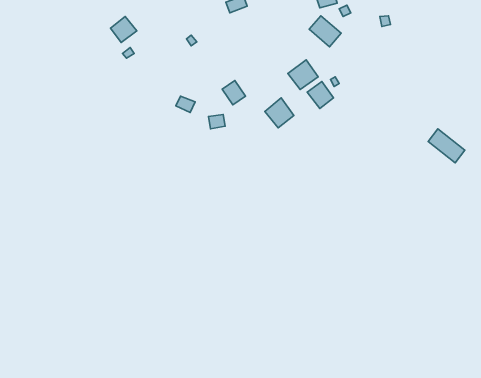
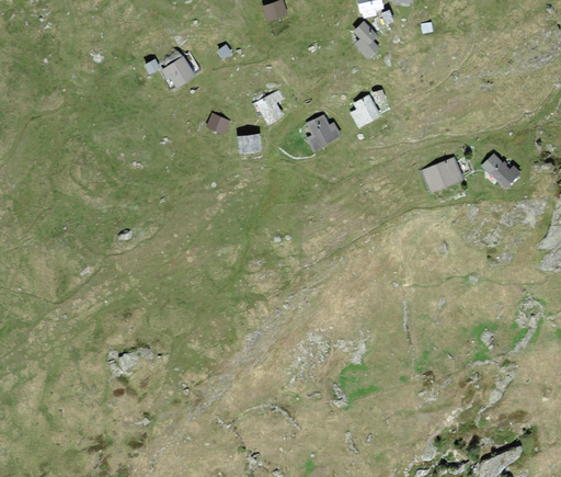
building: [111,16,137,43] -> [160,56,190,86]
building: [288,60,318,89] -> none
building: none -> [427,157,466,191]

